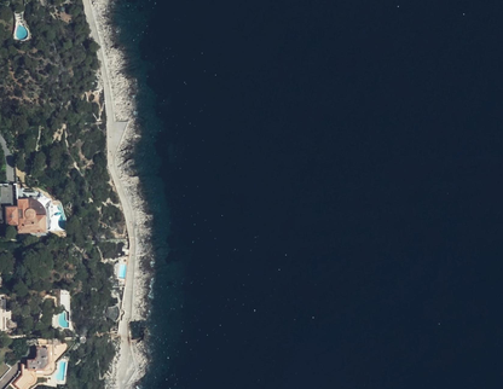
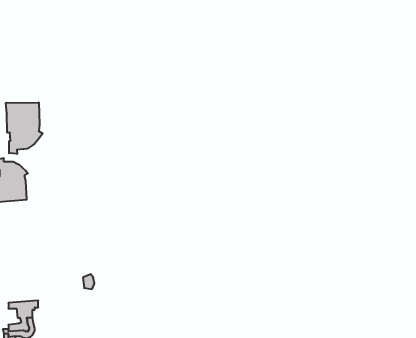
building: none -> [6,102,43,154]

